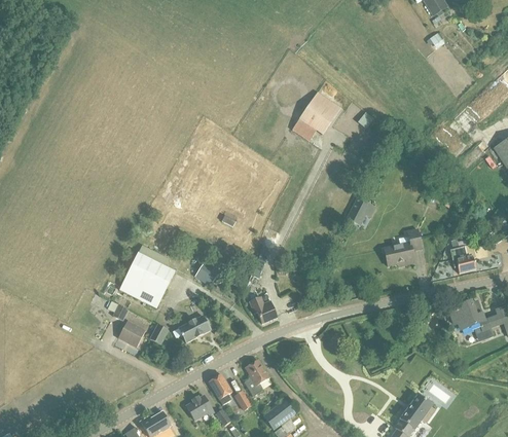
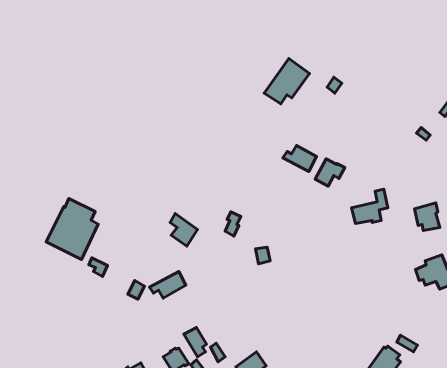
building: none -> [283,145,316,171]
building: [118,245,173,308] -> [46,199,98,259]
building: [249,296,278,323] -> none
building: [118,321,145,348] -> none
building: [244,360,268,396] -> none

